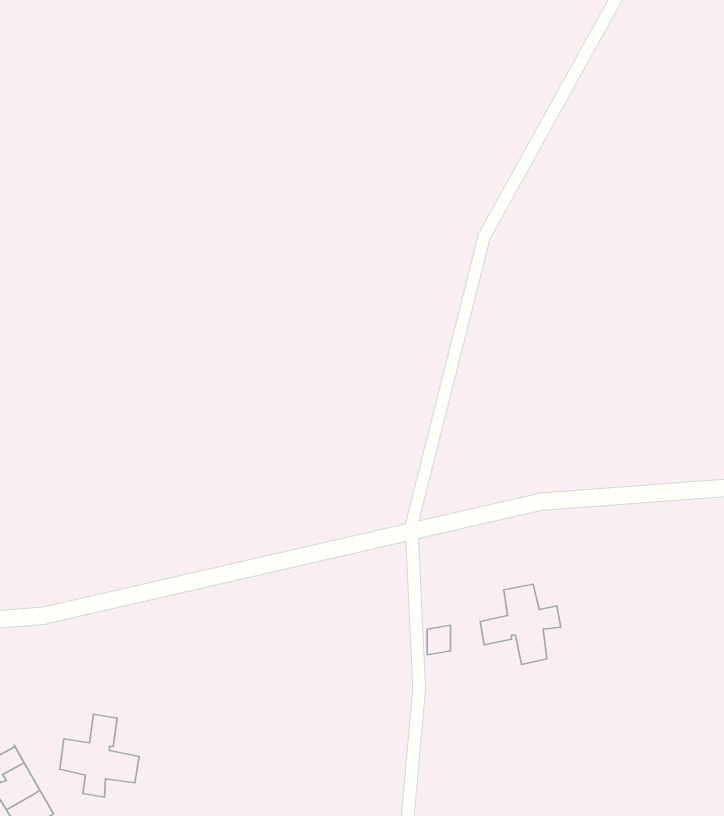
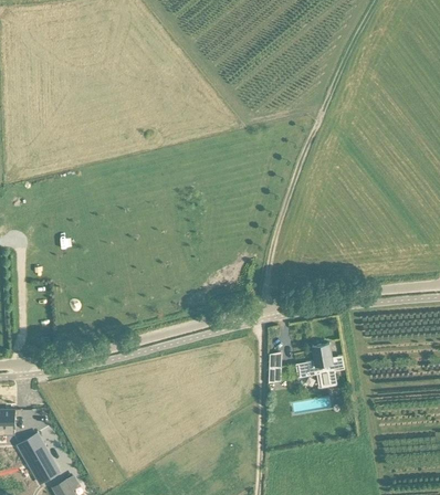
building: [60,714,139,797] -> none

